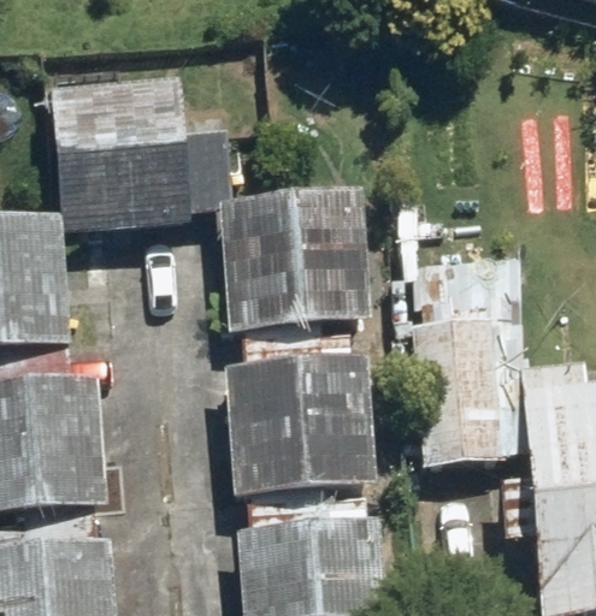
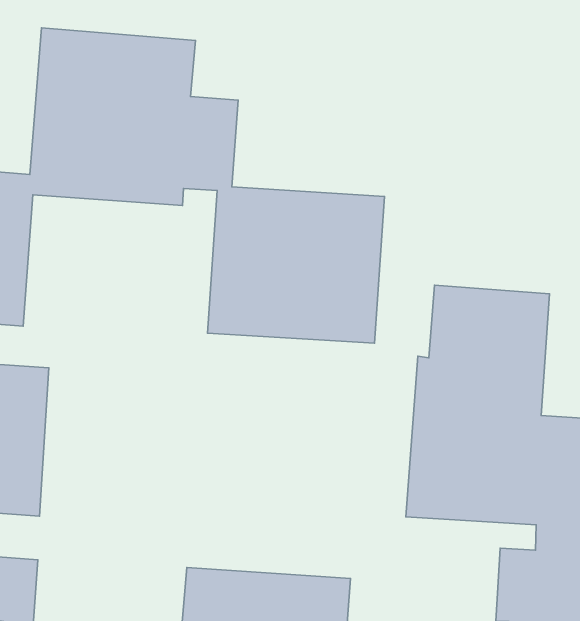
building: [228,356,378,492] -> none

